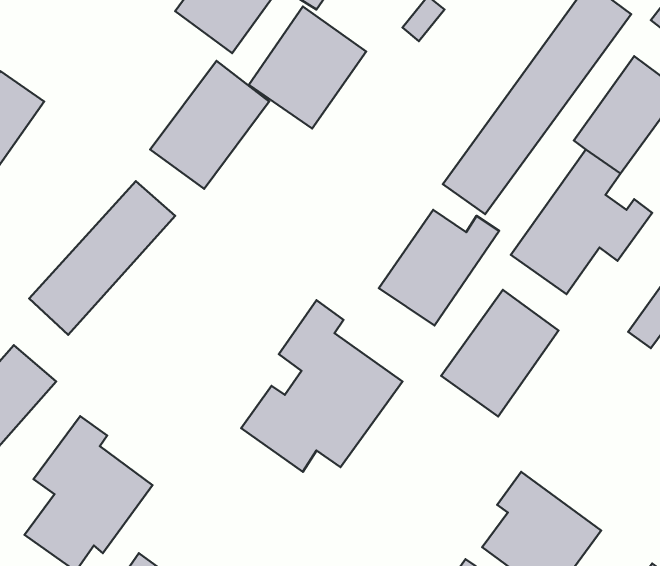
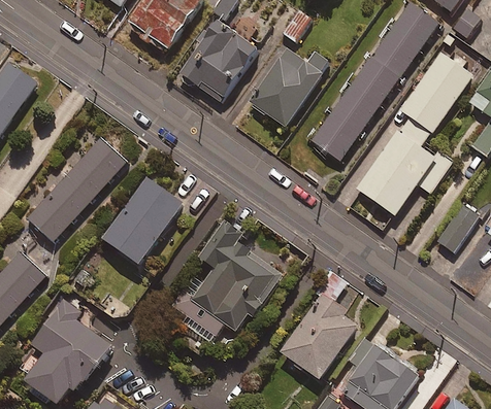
building: [150,61,269,189] -> [102,176,184,264]
building: [379,210,499,326] -> [248,46,330,126]
building: [441,290,559,416] -> [281,293,361,379]

